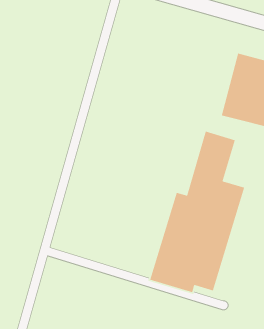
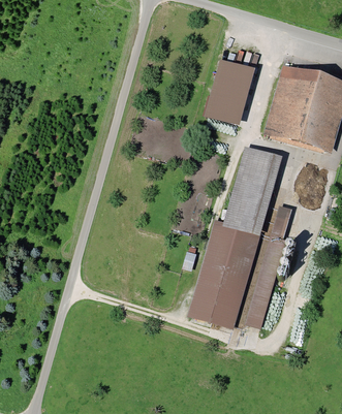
building: none -> [206,58,255,124]

